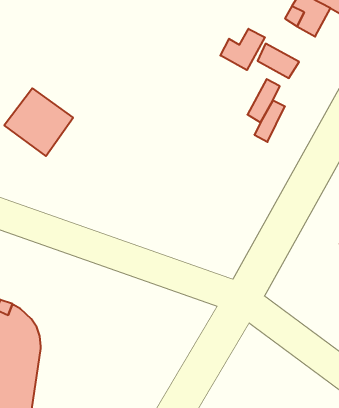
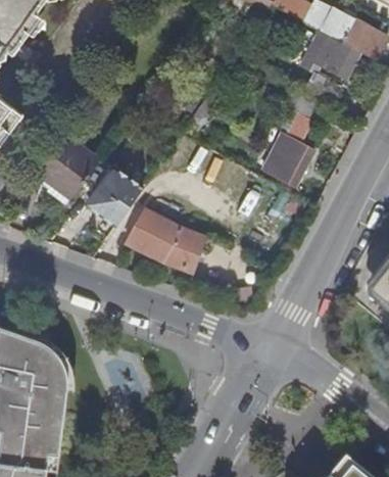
building: [220,29,265,70] -> none
building: none -> [89,171,142,225]
building: none -> [127,208,203,273]

